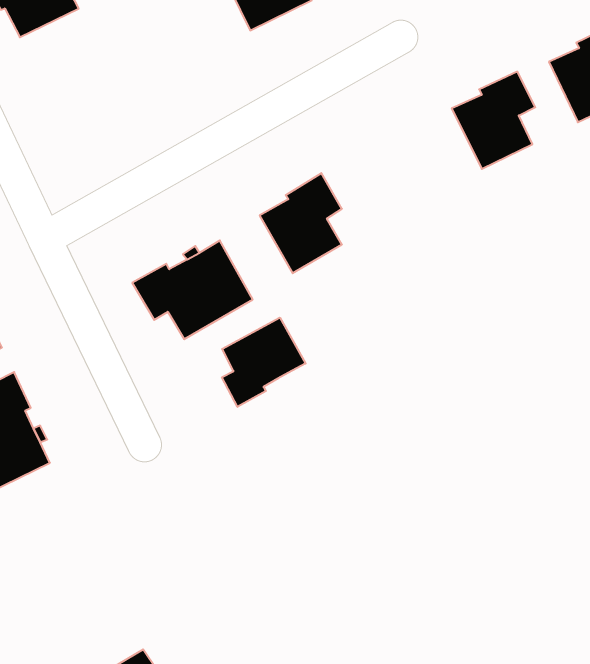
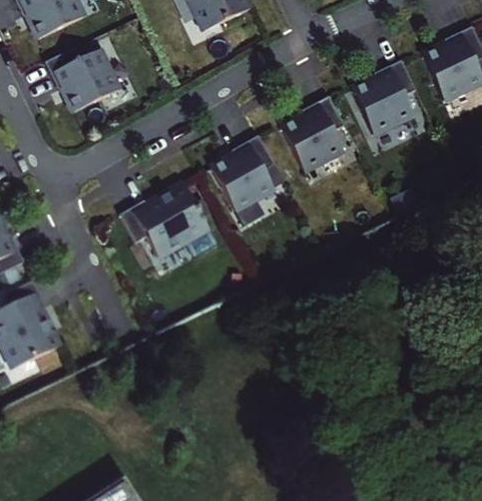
building: none -> [46,51,116,111]
building: none -> [283,97,343,170]
building: [222,318,306,407] -> none

